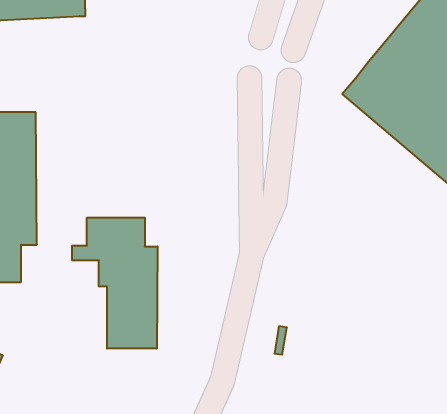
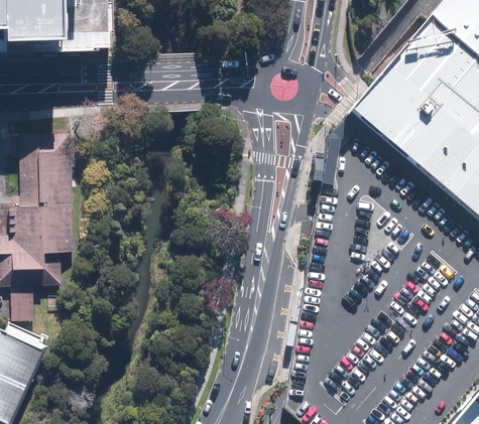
building: [72,218,158,349] -> none

